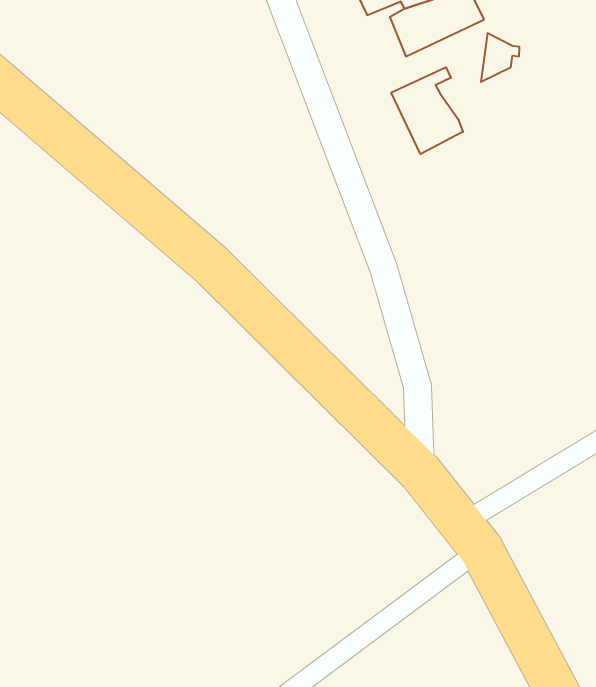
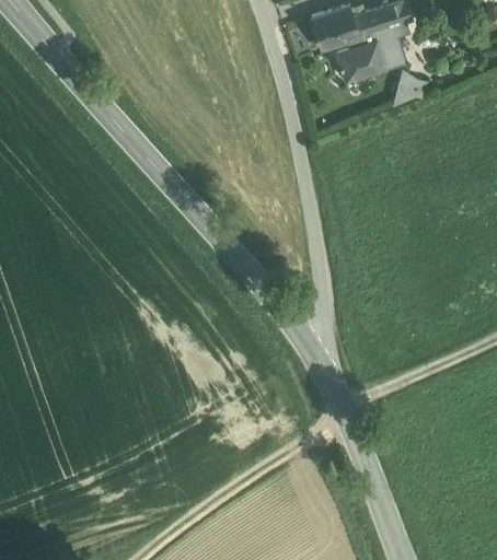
building: [391,67,463,154] -> none

